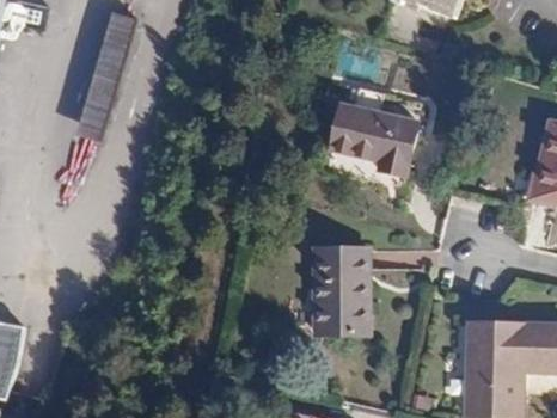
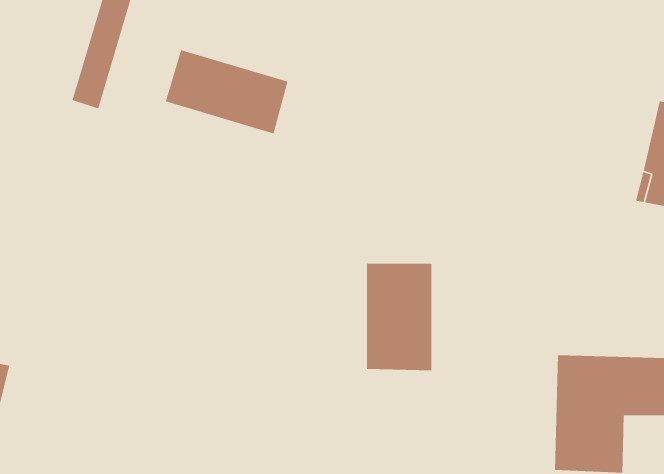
building: none -> [165,49,288,134]
building: [329,103,417,176] -> none

